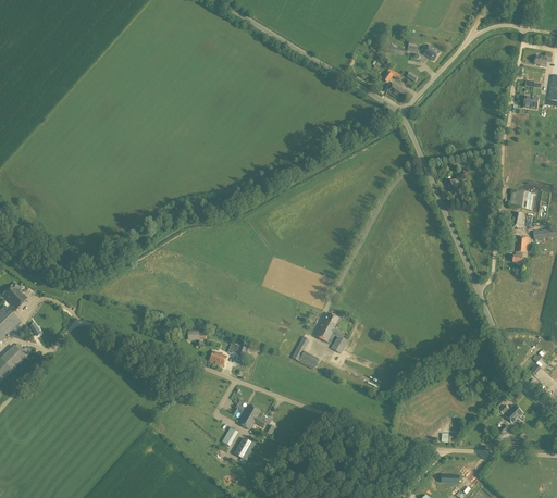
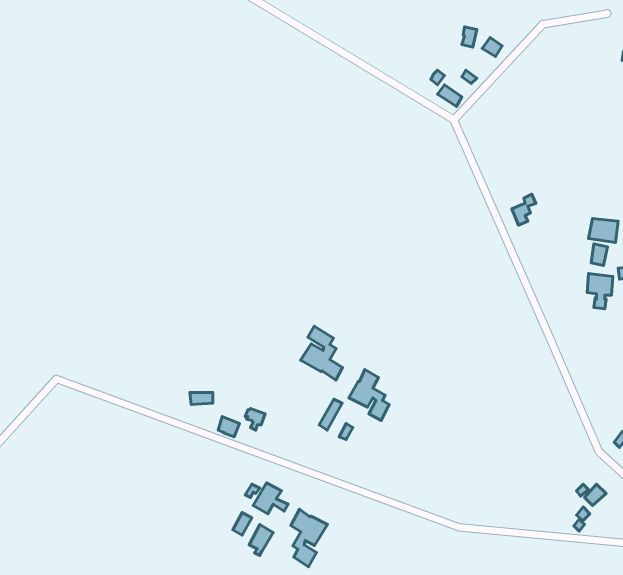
building: none -> [300,326,343,380]
building: none -> [291,509,327,567]

